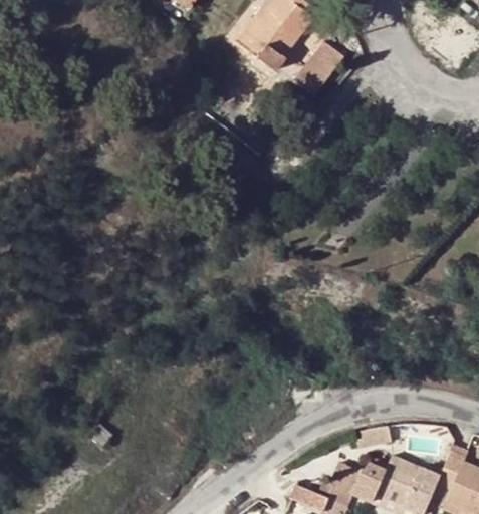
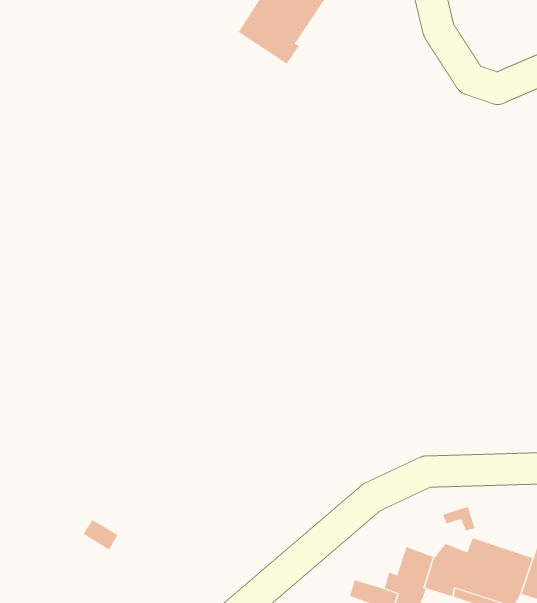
building: [297,41,342,92] -> none

